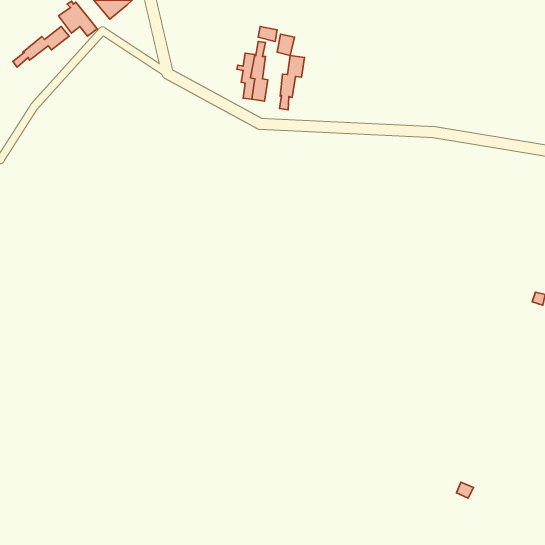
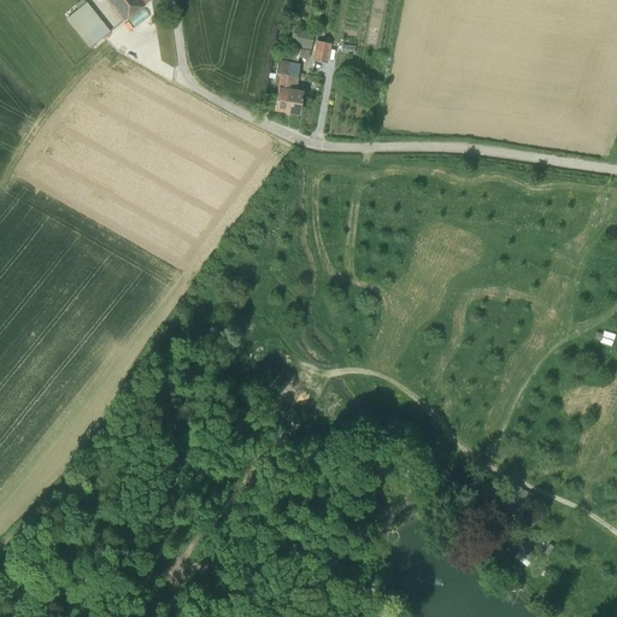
building: [13,26,69,67] -> none
building: [280,55,305,110] -> none

